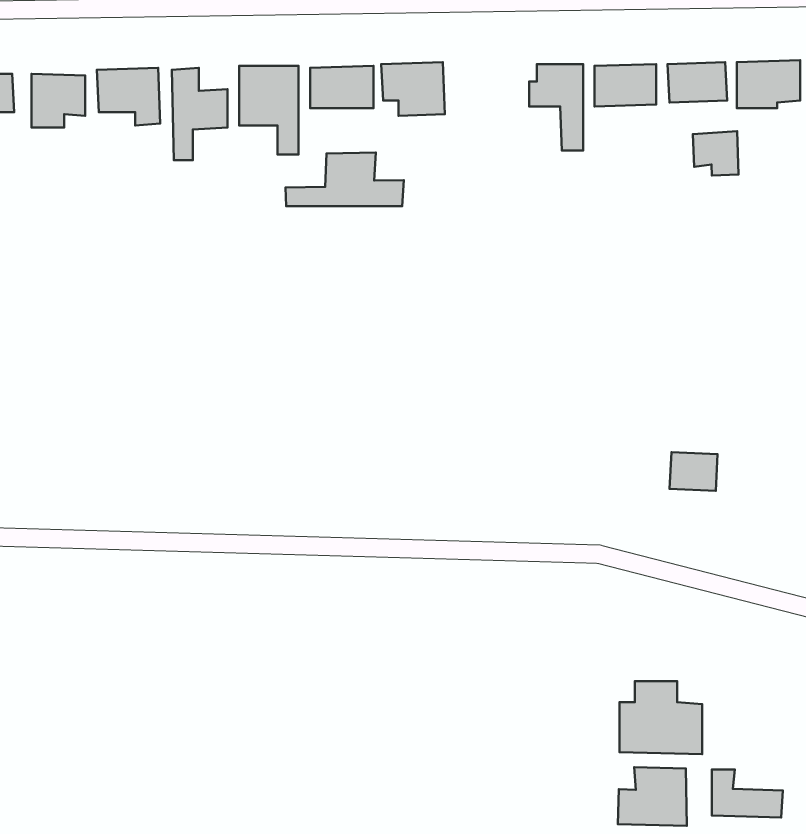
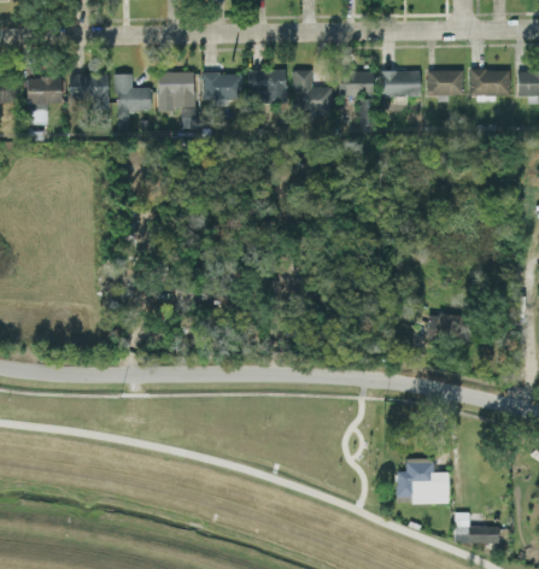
building: none -> [293,70,330,116]
building: [693,131,739,175] -> none
building: [286,153,404,206] -> none
building: [618,767,687,826] -> none

